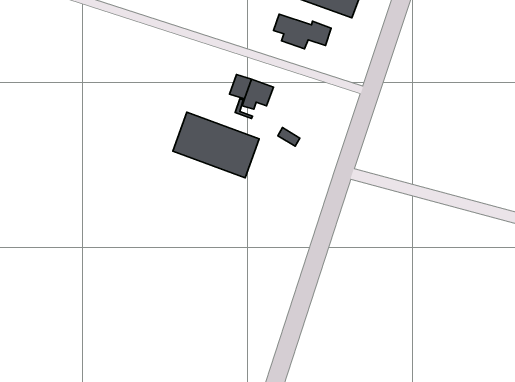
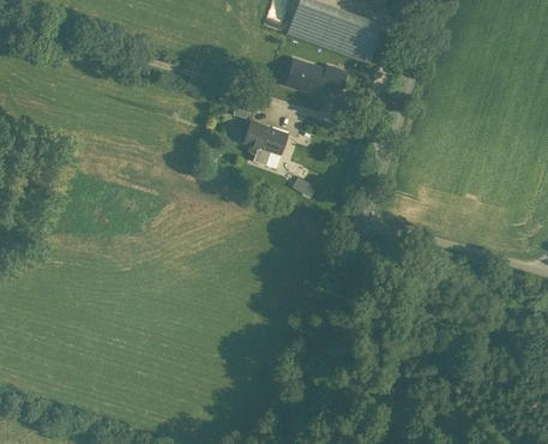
building: [173,112,259,178] -> none

